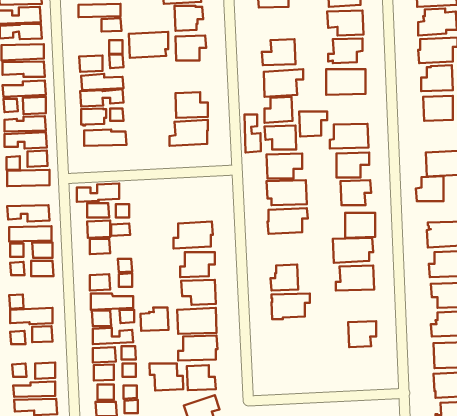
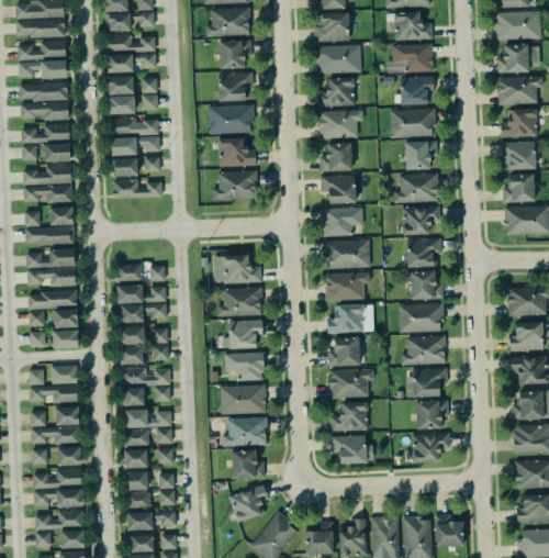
building: none -> [316,45,362,74]
building: none -> [109,54,134,72]
building: [129,32,168,58] -> [208,103,253,133]
building: none -> [109,77,135,94]
building: [299,112,327,137] -> [405,142,437,170]
building: [244,115,261,152] -> none
building: [416,176,444,201] -> [503,174,535,202]
building: [77,184,119,202] -> [25,246,74,267]
building: none -> [221,253,260,282]
building: none -> [328,304,374,334]
building: none -> [121,326,145,345]
building: none -> [52,366,78,383]
building: none -> [405,367,447,397]
building: [141,307,169,331] -> none
building: none -> [330,402,369,431]
building: none -> [33,427,77,444]
building: none -> [411,432,448,461]
building: none -> [332,435,373,462]
building: [149,363,183,390] -> none

